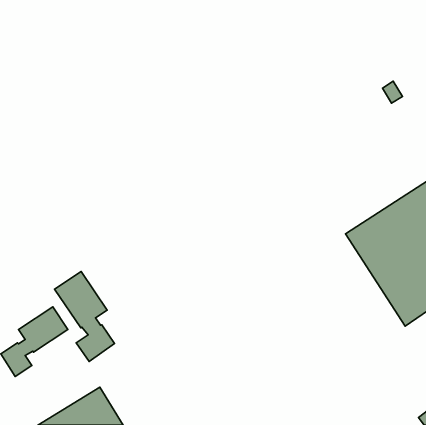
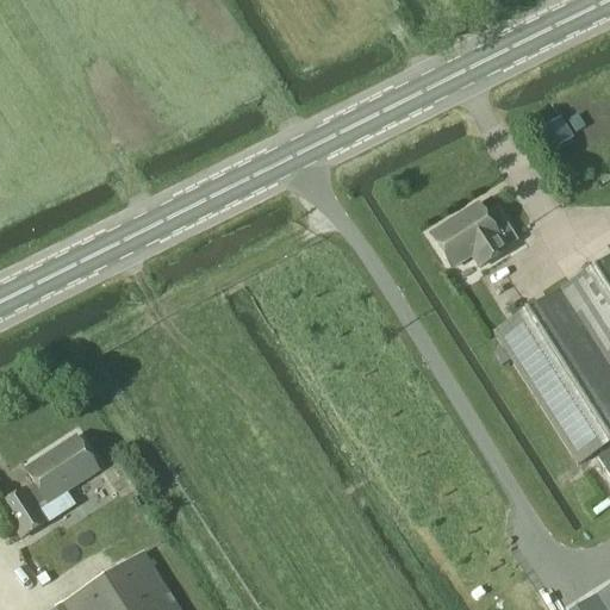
building: none -> [432,204,515,267]
building: [55,271,115,361] -> none

